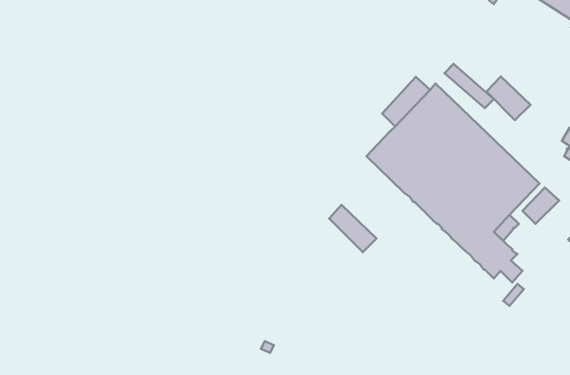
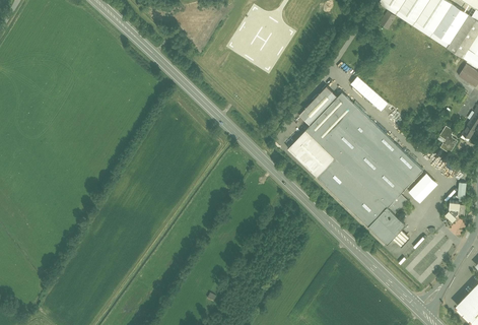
building: [487,76,530,120] -> none
building: [329,205,377,252] -> none

